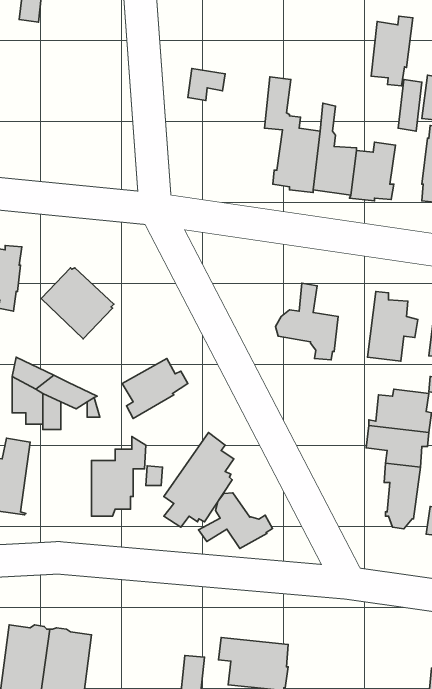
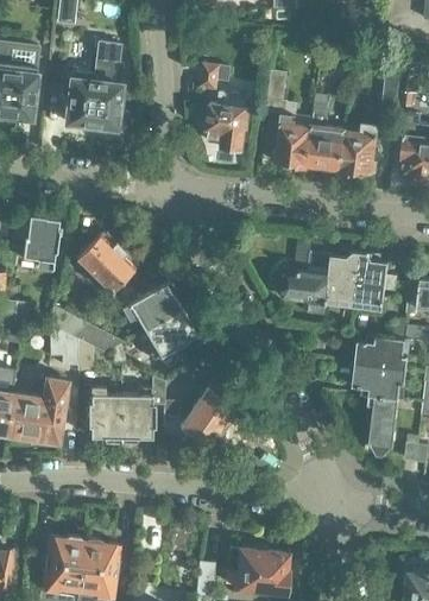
building: [371,16,413,86] -> none
building: none -> [67,40,125,129]
building: none -> [207,96,253,153]
building: none -> [317,252,361,310]
building: none -> [118,283,183,333]
building: none -> [87,388,119,445]
building: [199,493,273,548] -> none

